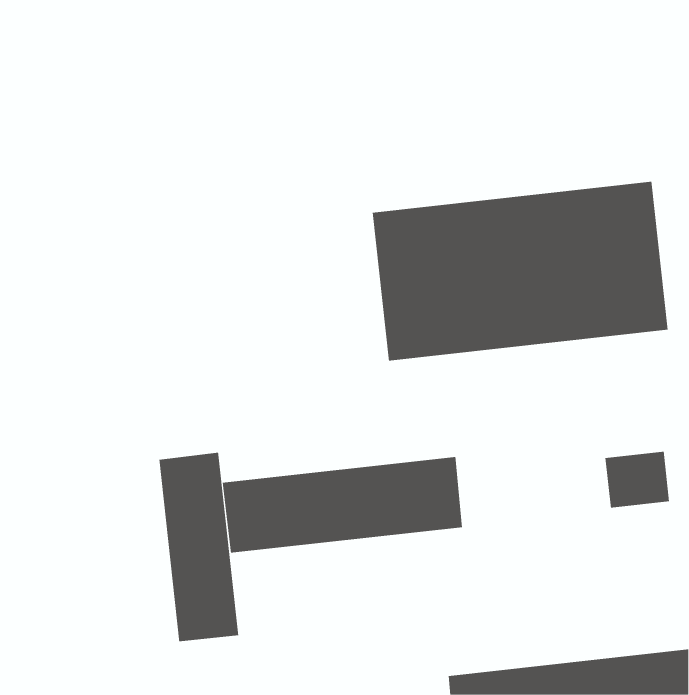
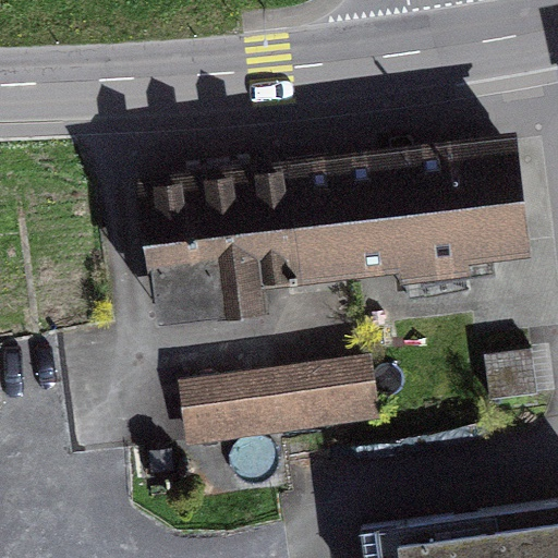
building: none -> [147,170,311,306]
building: [159,452,239,642] -> none

